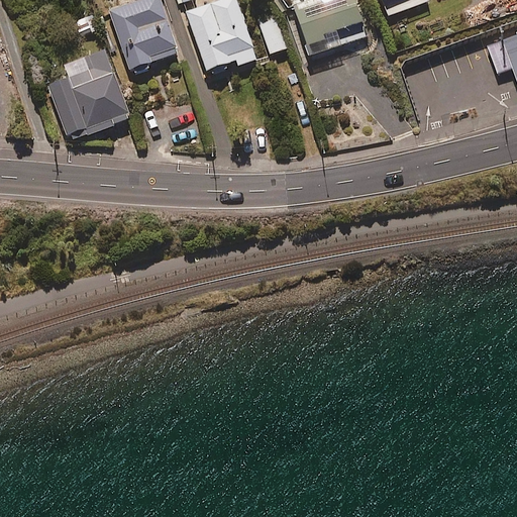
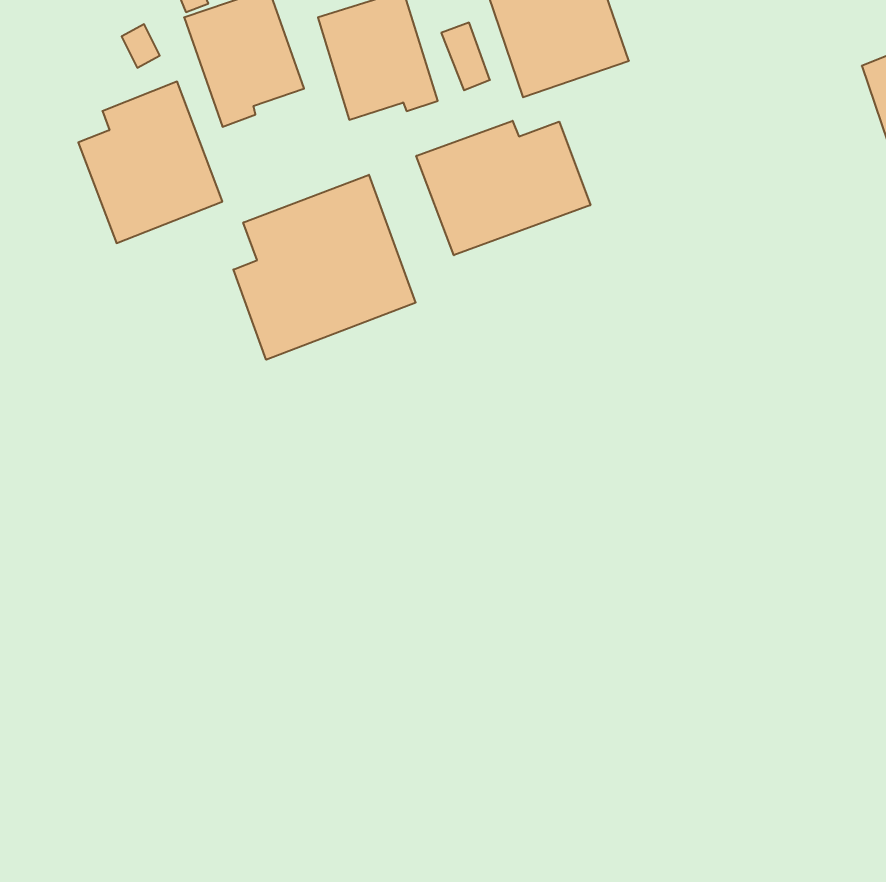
building: none -> [416,121,590,255]
building: none -> [233,175,416,360]

